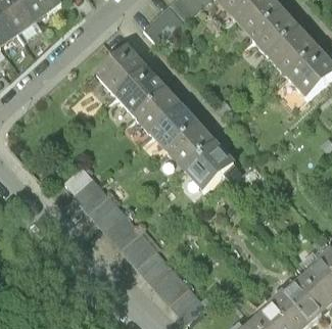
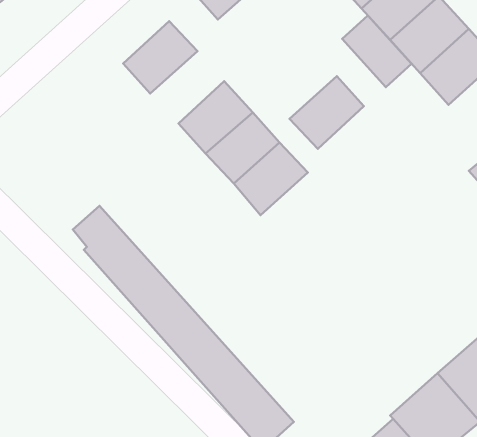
building: none -> [342,16,412,87]
building: [113,65,161,112] -> none
building: [185,144,233,191] -> [289,76,364,149]

